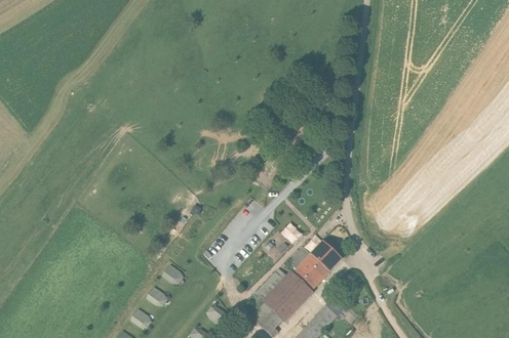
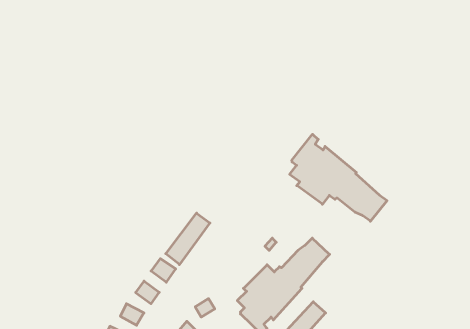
building: none -> [290,134,387,221]
building: none -> [166,213,210,265]

